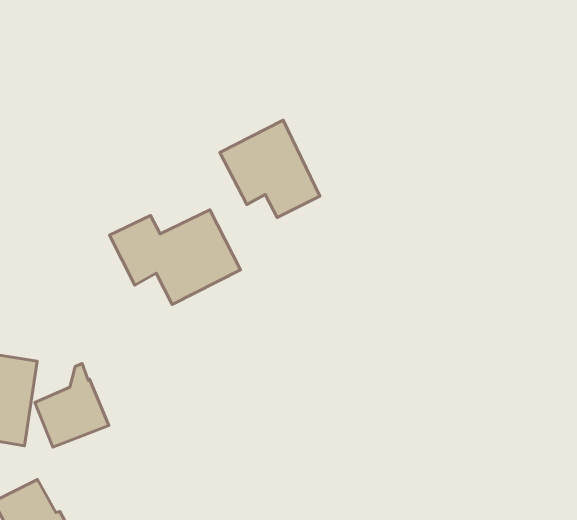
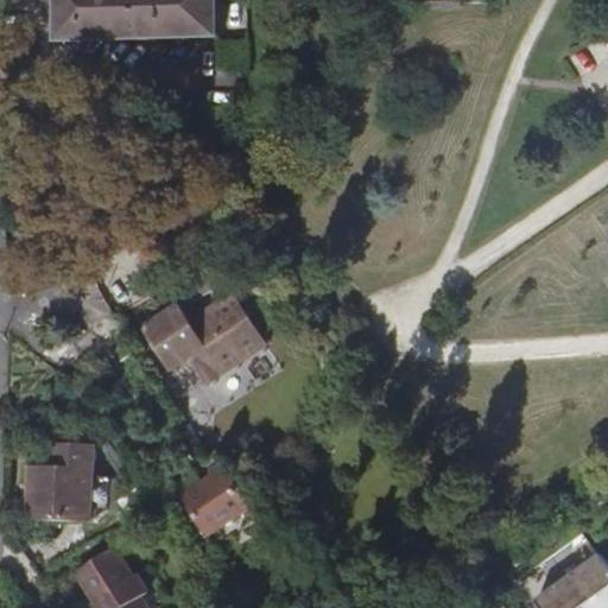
building: [220,120,320,217] -> none
building: [35,363,109,447] -> [176,457,245,536]

